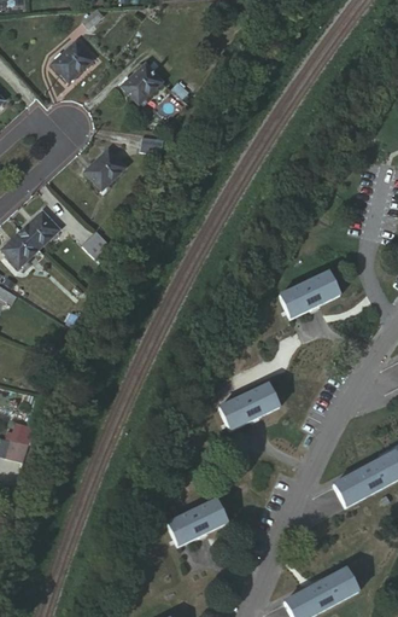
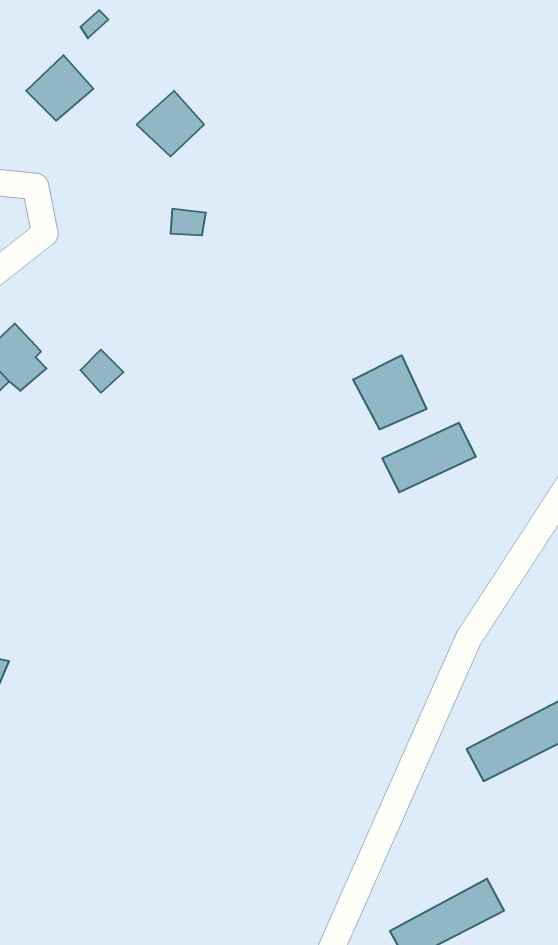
building: [84,147,127,188] -> none
building: none -> [353,355,426,429]
building: [220,386,279,430] -> none
building: [168,501,228,547] -> none

